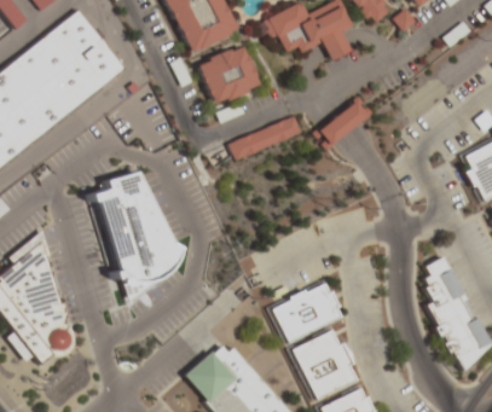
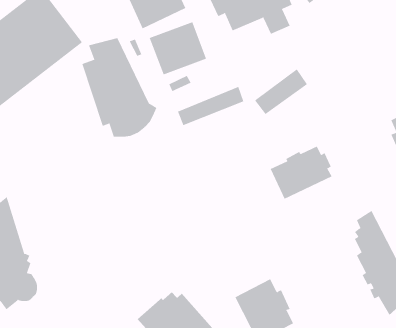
building: [100,173,184,283] -> [81,37,157,137]
building: [272,282,341,341] -> [270,146,333,200]

